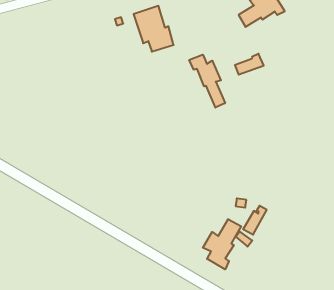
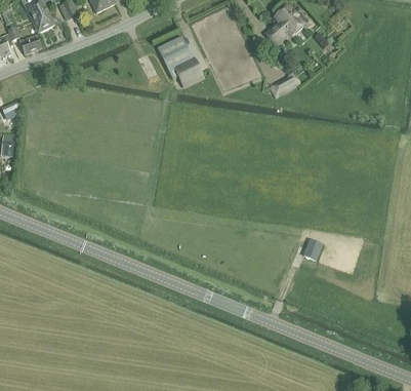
building: [189,55,225,108] -> none
building: [203,219,241,269] -> none

